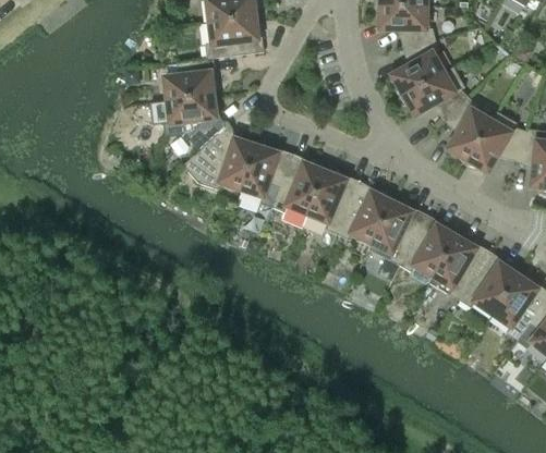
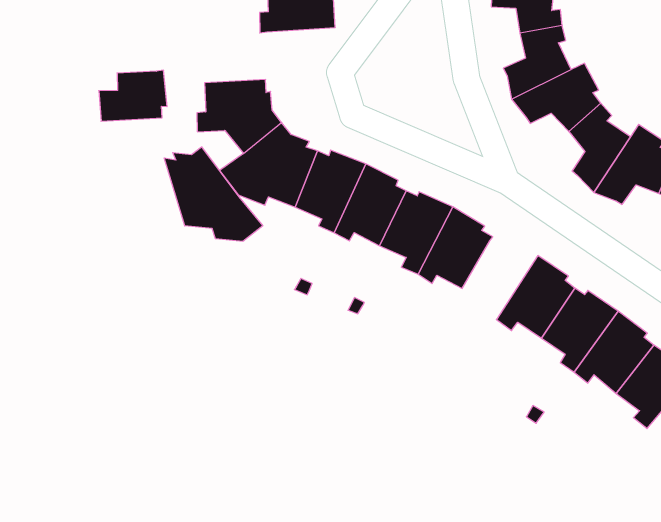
building: [165,59,217,100] -> [99,70,167,121]
building: none -> [164,147,263,241]
building: [372,203,427,265] -> none

